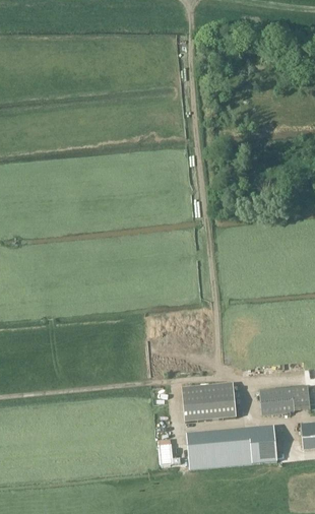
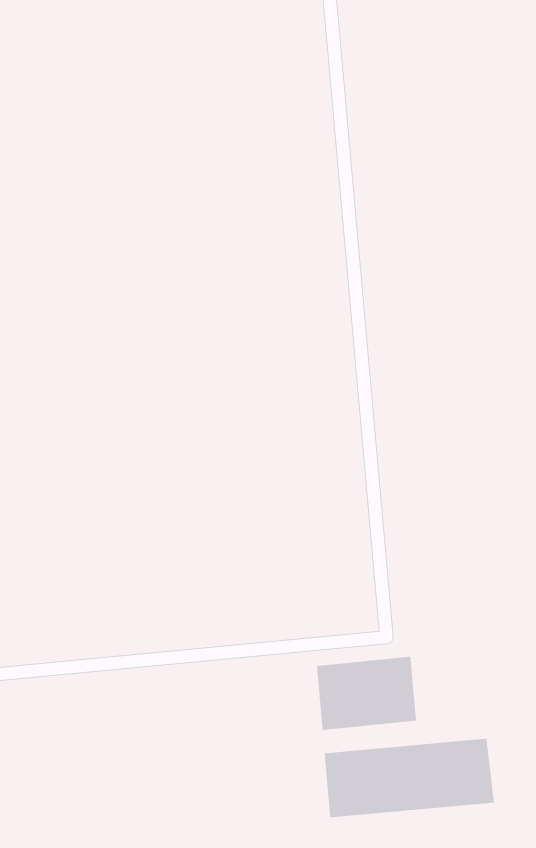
building: [259,388,295,415] -> none

